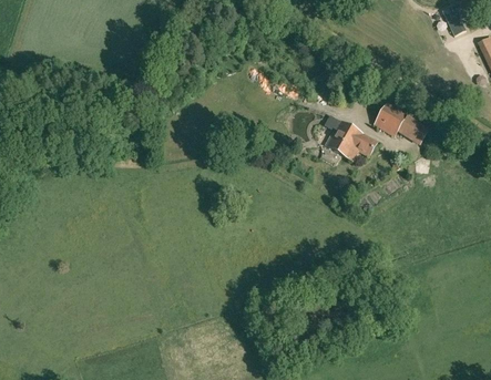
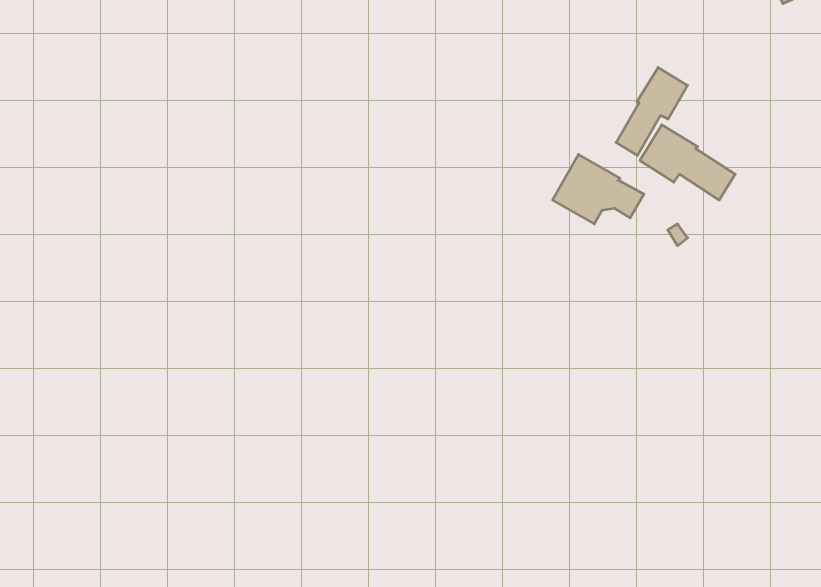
building: none -> [616,67,688,155]

